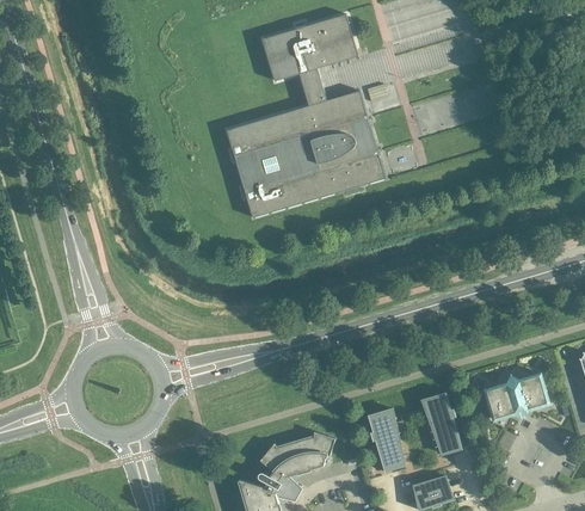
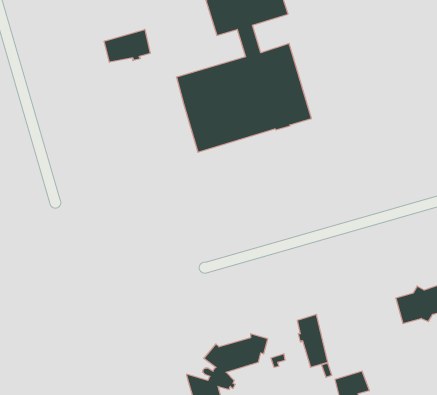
building: none -> [104,29,150,62]
building: [421,393,461,454] -> none

